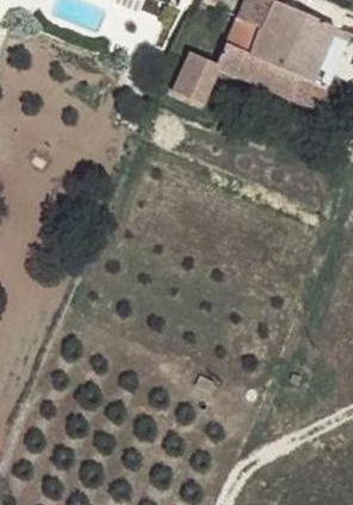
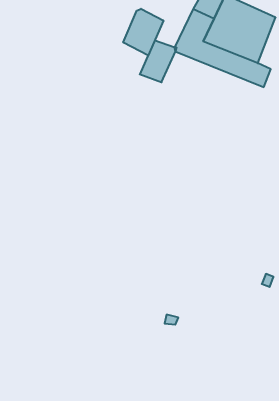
building: none -> [123,9,163,55]

